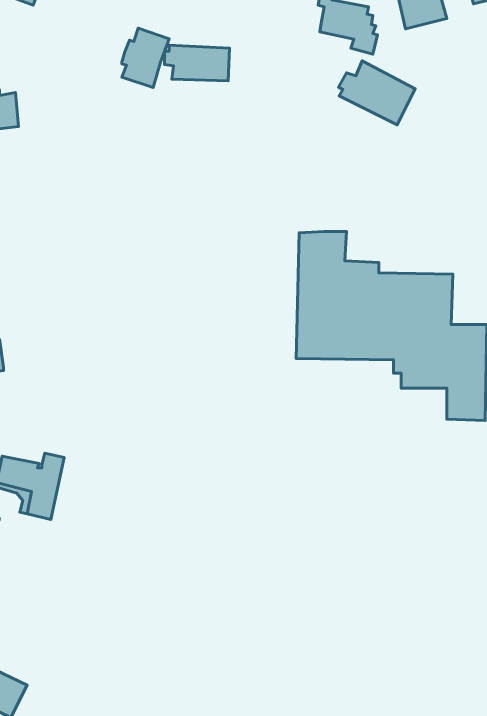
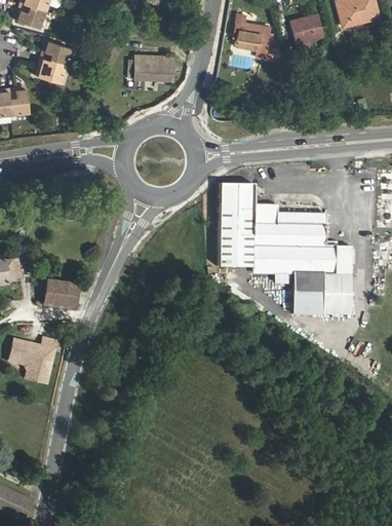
building: [122,28,169,87] -> [36,40,69,81]
building: [339,61,415,125] -> none
building: none -> [44,279,78,309]
building: none -> [292,293,324,314]

